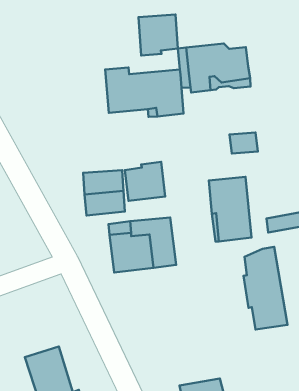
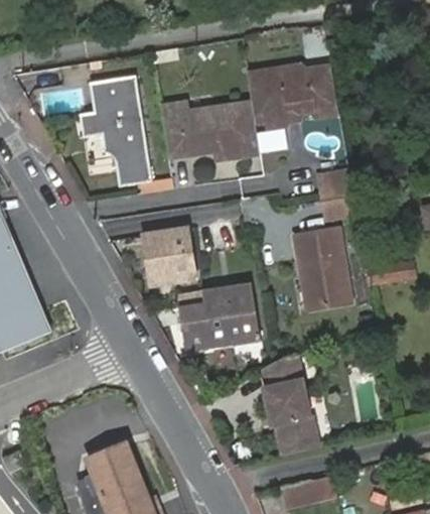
building: [139,14,178,56] -> none
building: none -> [84,79,153,190]
building: [125,162,165,201] -> none
building: [244,247,287,330] -> [263,354,319,456]

